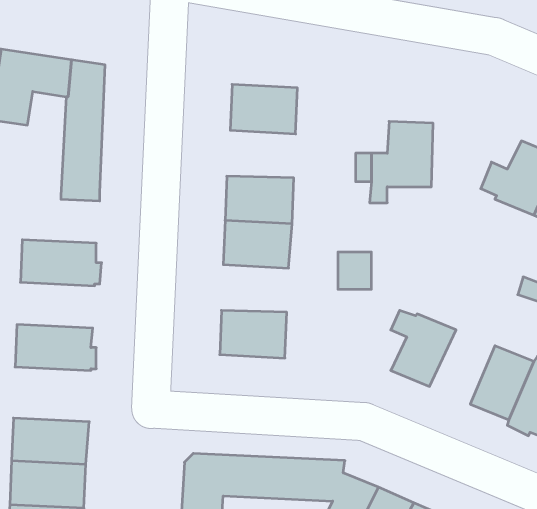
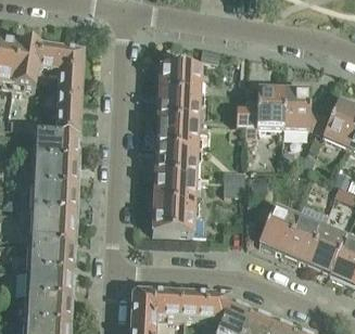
building: none -> [283,89,320,129]
building: none -> [157,93,200,123]
building: none -> [31,134,81,163]
building: none -> [154,176,195,205]
building: none -> [28,187,78,215]
building: none -> [282,216,322,261]
building: none -> [26,239,74,272]

